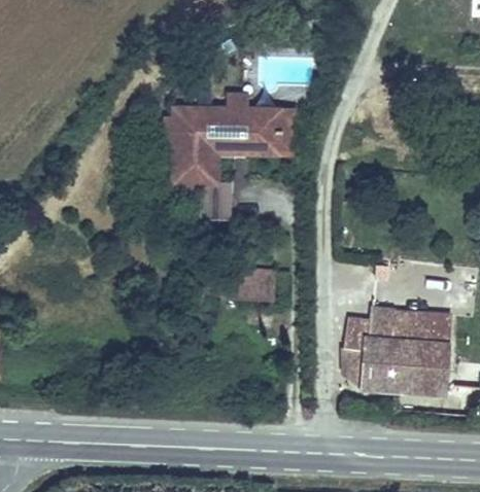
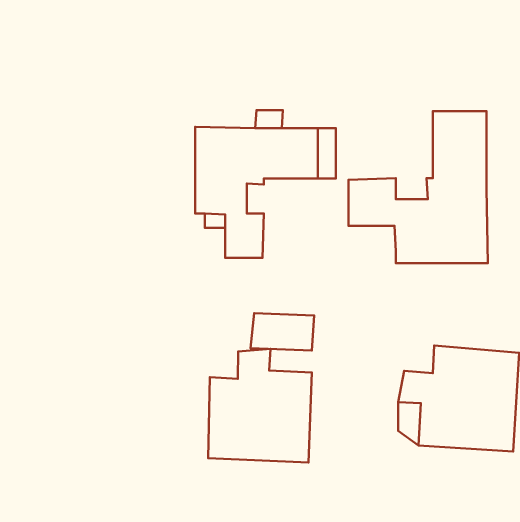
building: none -> [349,111,488,263]
building: none -> [208,349,312,462]

